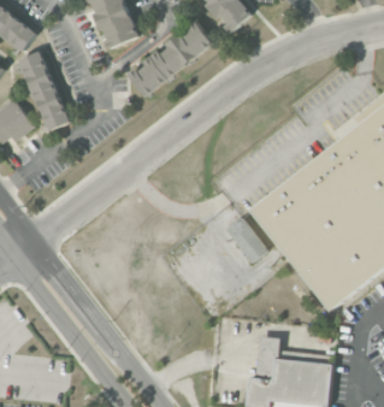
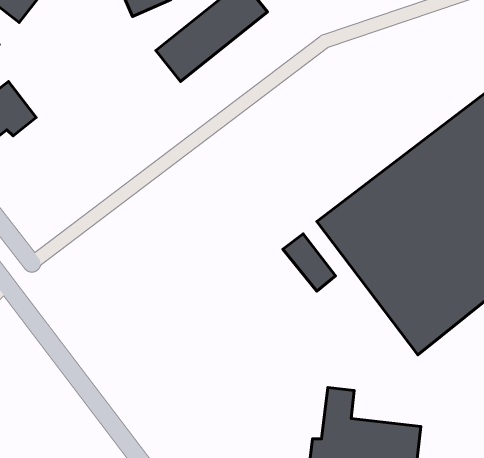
building: [16,51,67,130] -> none

